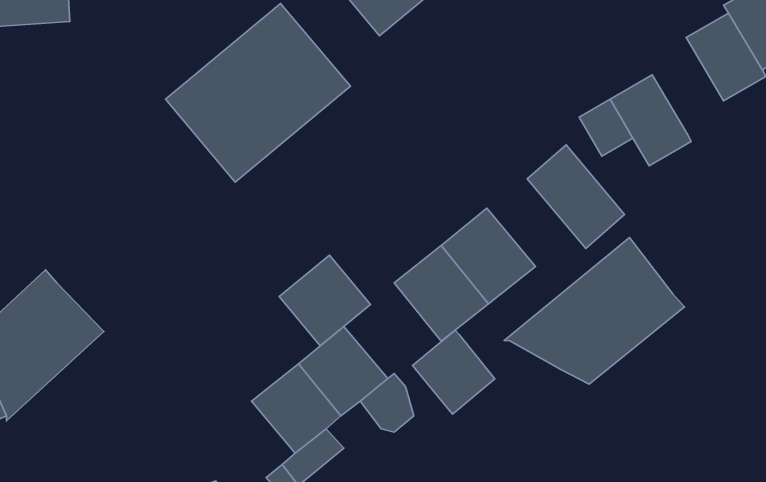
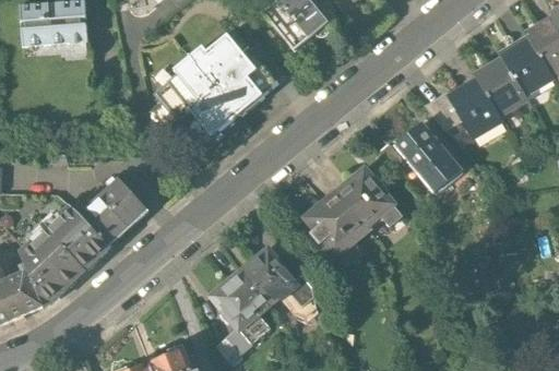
building: none -> [475,56,528,116]
building: none -> [76,177,148,248]
building: [504,237,684,384] -> none
building: [279,255,371,346] -> none
building: [413,330,495,414] -> none

